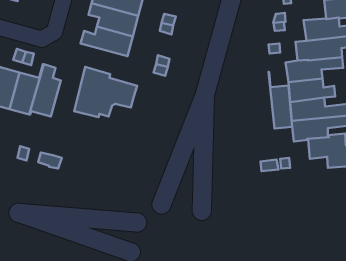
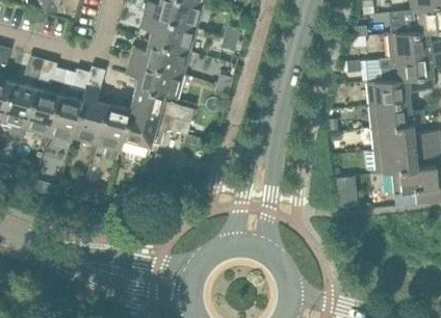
building: none -> [125,60,183,99]
building: [268,72,292,128] -> none
building: none -> [95,103,129,162]

